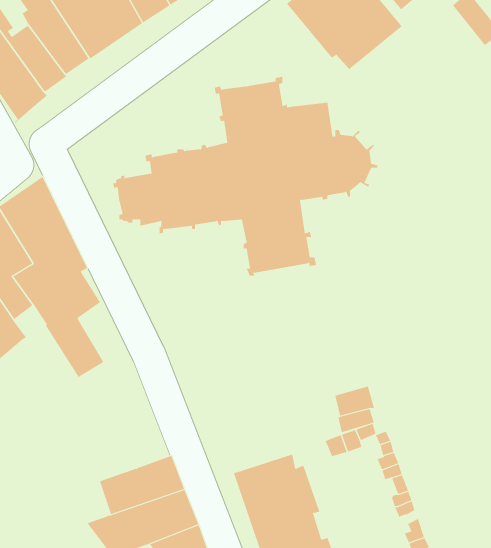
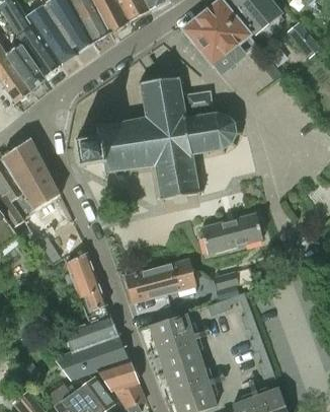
building: none -> [200,213,261,253]
building: none -> [65,252,110,322]
building: none -> [125,259,195,303]

